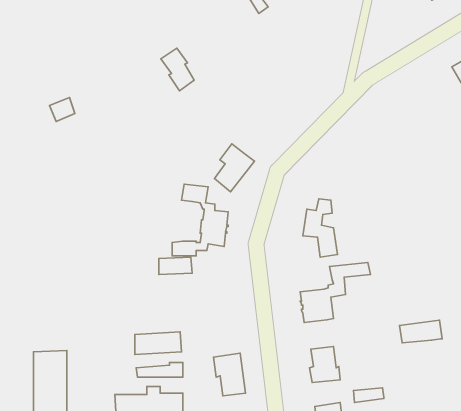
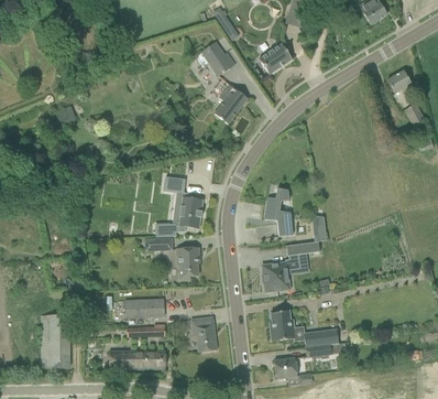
building: none -> [259,43,292,75]
building: [161,48,194,91] -> [202,42,230,77]
building: [215,144,254,192] -> [215,84,248,123]
building: none -> [176,248,199,280]
building: [399,320,442,343] -> [304,328,339,347]

